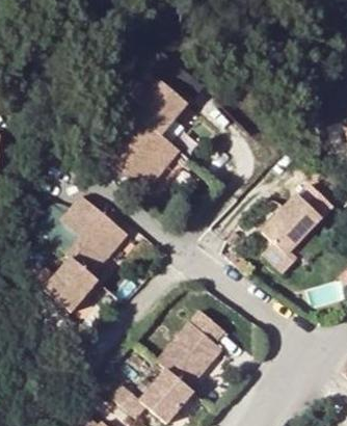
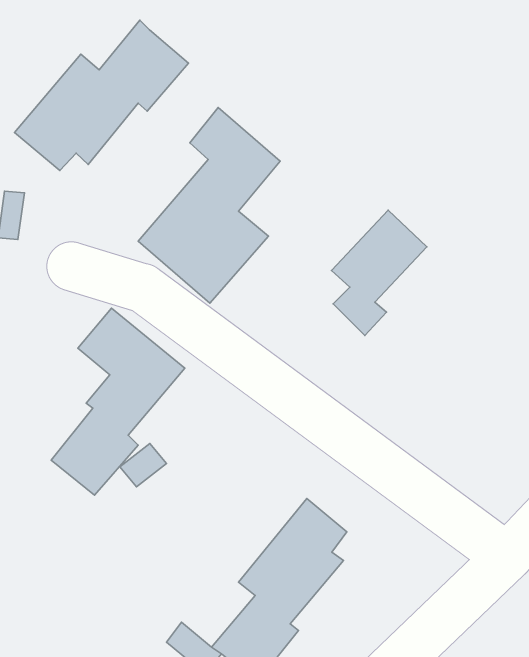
building: none -> [15,20,188,171]
building: [258,191,317,269] -> [331,210,427,335]

